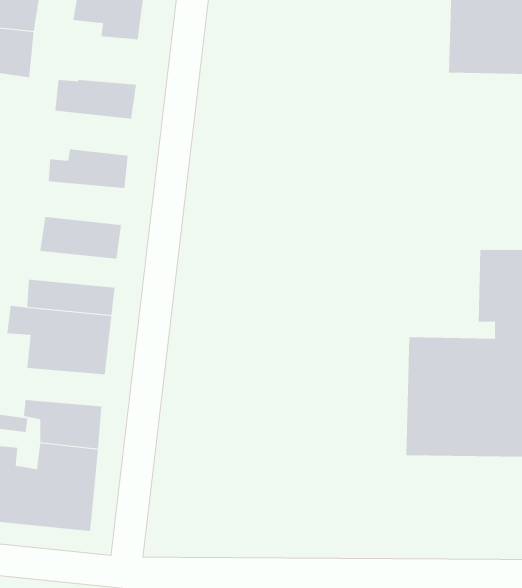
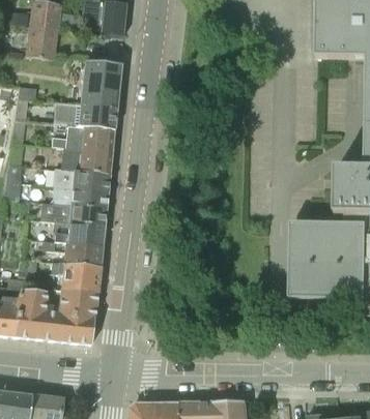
building: none -> [66,80,117,108]
building: none -> [51,124,113,151]
building: none -> [51,168,108,190]
building: none -> [38,240,101,265]

